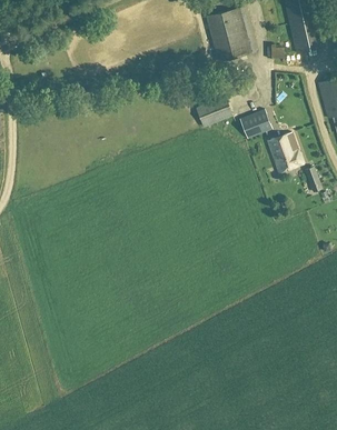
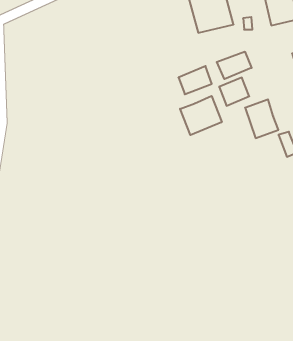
building: none -> [217,52,252,79]
building: none -> [180,96,222,135]

